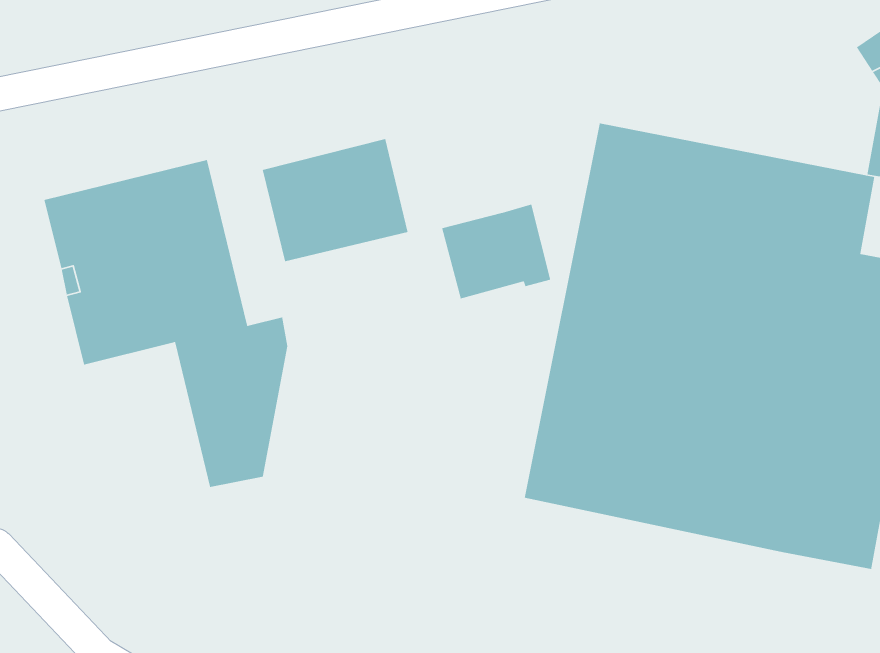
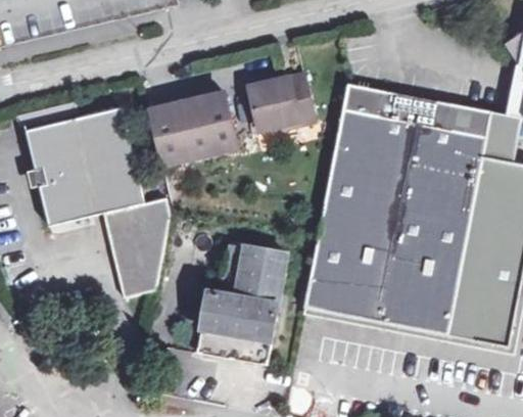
building: [441,203,551,299] -> [252,72,317,128]
building: none -> [199,244,287,365]

